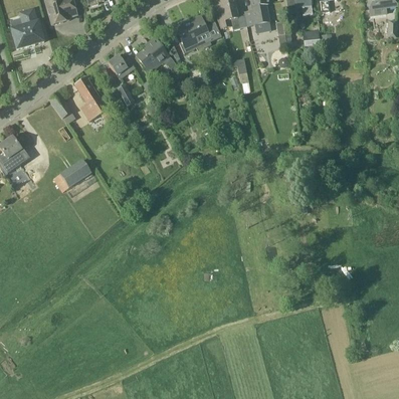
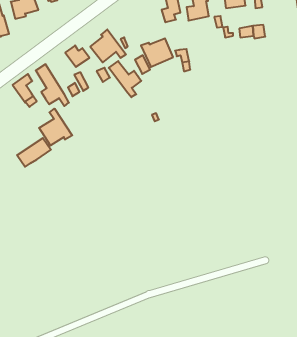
building: [174,16,210,48] -> [141,38,173,67]
building: none -> [109,61,141,97]
building: none -> [39,109,72,146]

